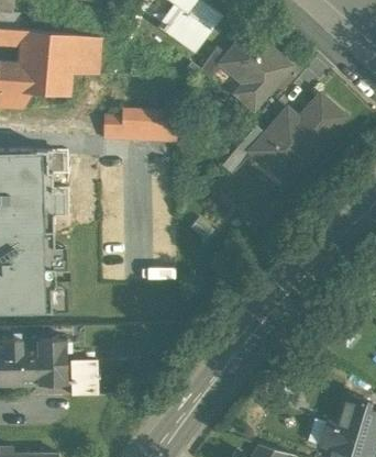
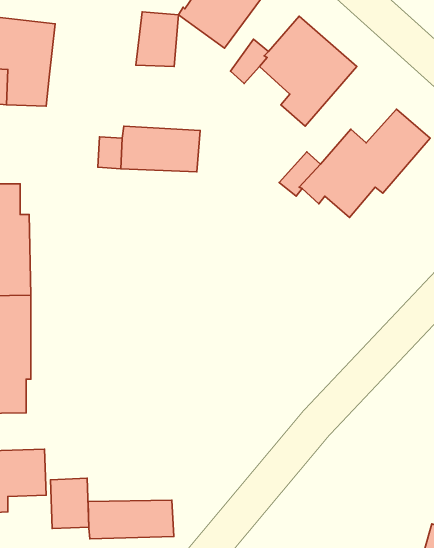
building: [69,34,100,74] -> [136,12,179,67]
building: none -> [88,500,174,539]

